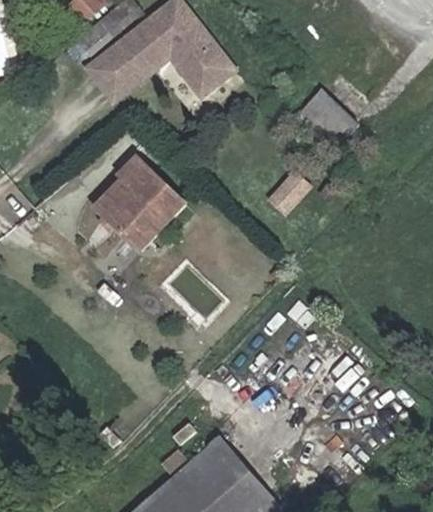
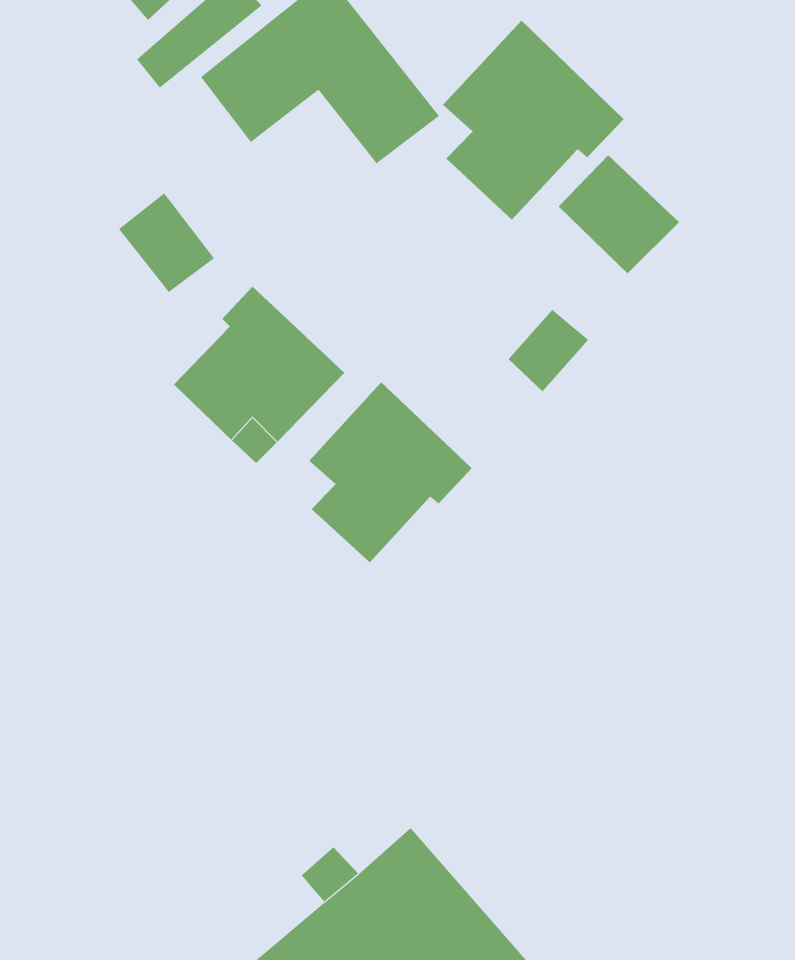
building: none -> [442,20,625,220]
building: [86,49,136,101] -> [118,192,215,293]
building: none -> [309,382,473,563]

